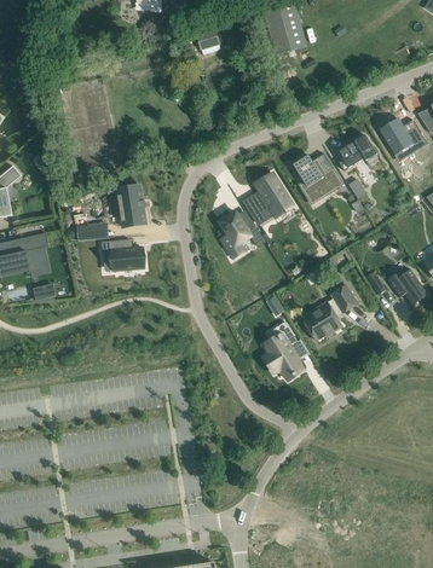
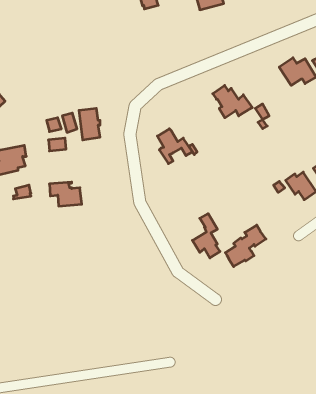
building: [337,134,379,169] -> none
building: [242,173,293,221] -> none
building: [102,238,144,269] -> [49,182,82,206]
building: [304,284,357,338] -> [225,225,266,267]

